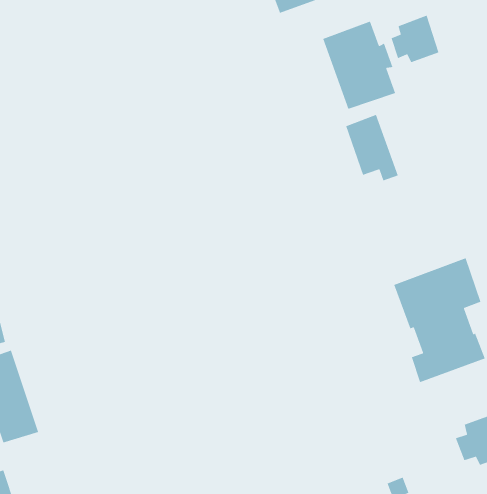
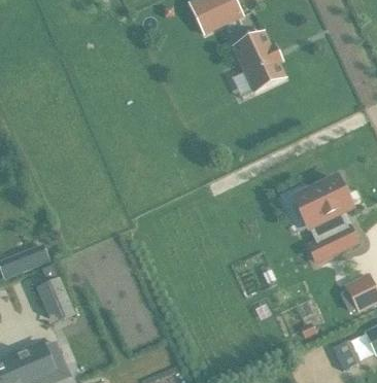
building: [390,15,440,63] -> none
building: [345,114,399,182] -> none

